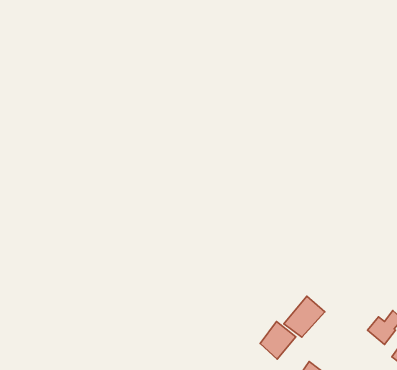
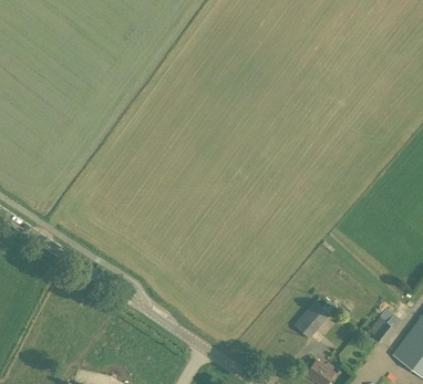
building: [260,321,296,359] -> none

